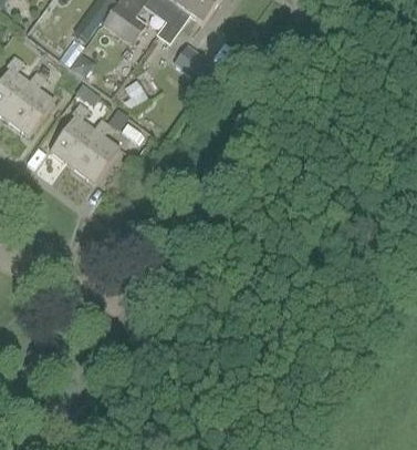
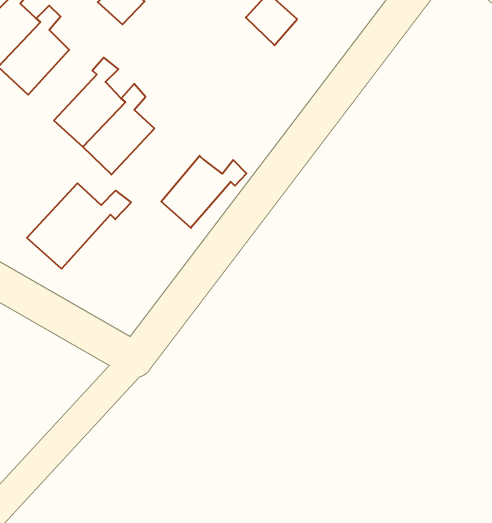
building: none -> [161,156,246,228]
building: none -> [27,183,131,269]

